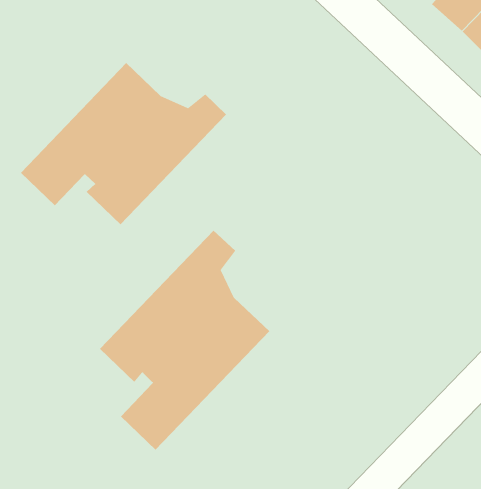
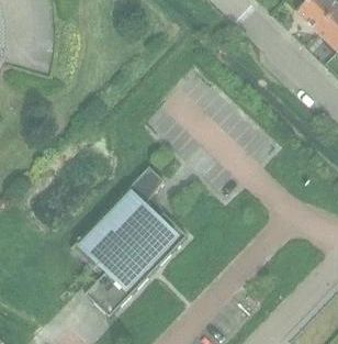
building: [20,62,227,225] -> none

